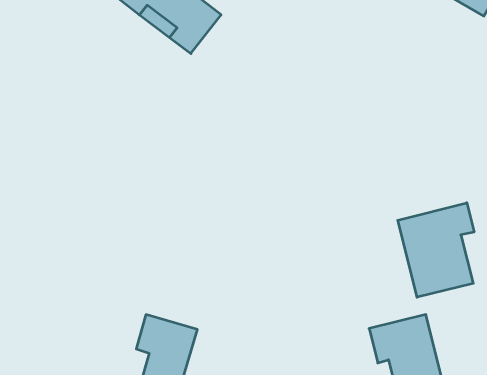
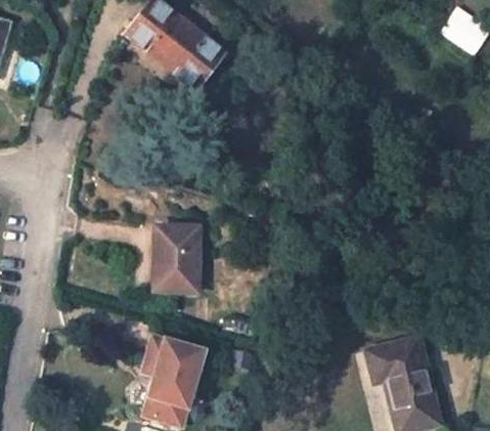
building: none -> [154,226,198,295]
building: [398,203,474,297] -> none

